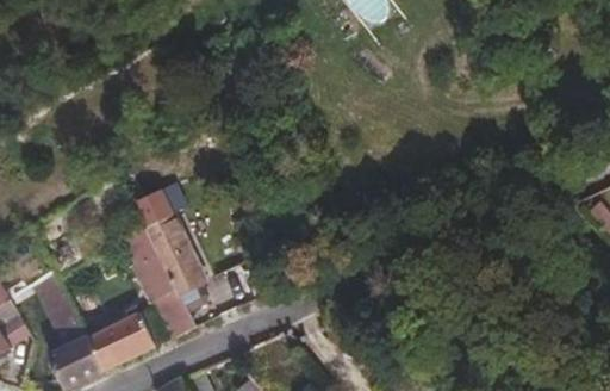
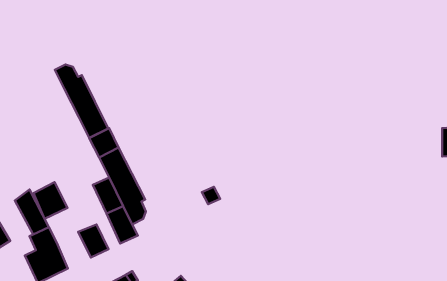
building: none -> [55,65,108,138]
building: [89,323,133,371] -> [33,182,67,219]

